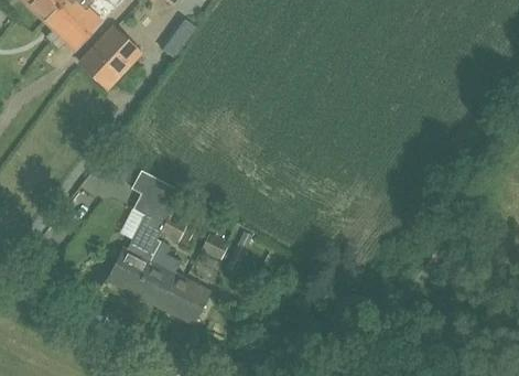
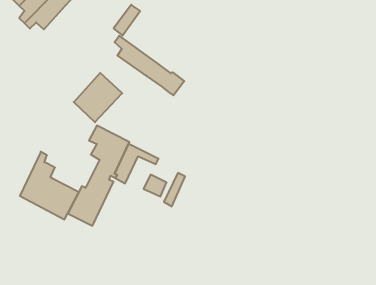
building: [80,26,141,88] -> [74,73,122,122]
building: none -> [115,36,184,95]
building: [136,240,209,325] -> [20,152,79,219]

